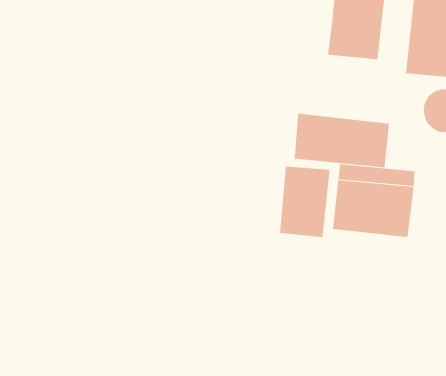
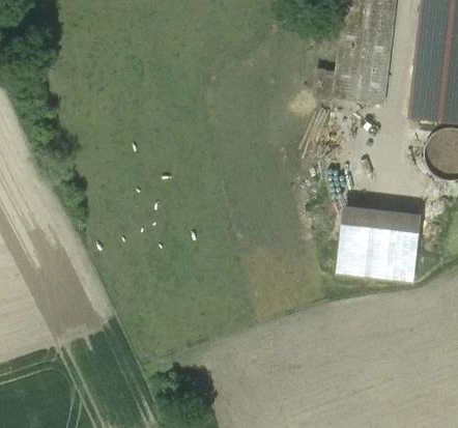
building: [294,113,390,168] -> none
building: [280,166,330,238] -> none

